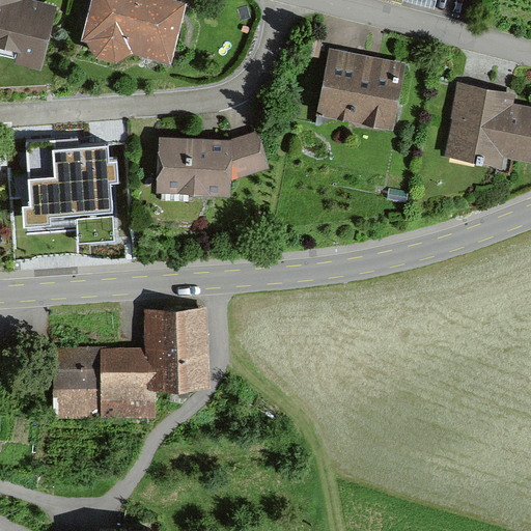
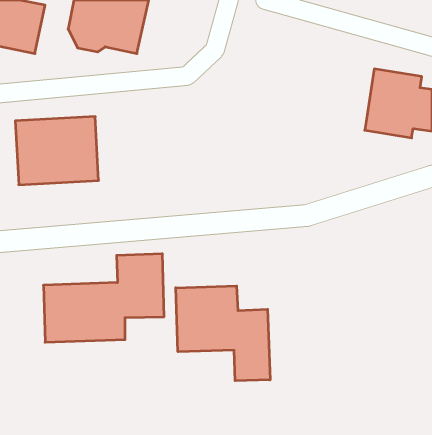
building: [318,50,404,128] -> none
building: [160,131,272,196] -> none
building: none -> [176,286,270,381]

